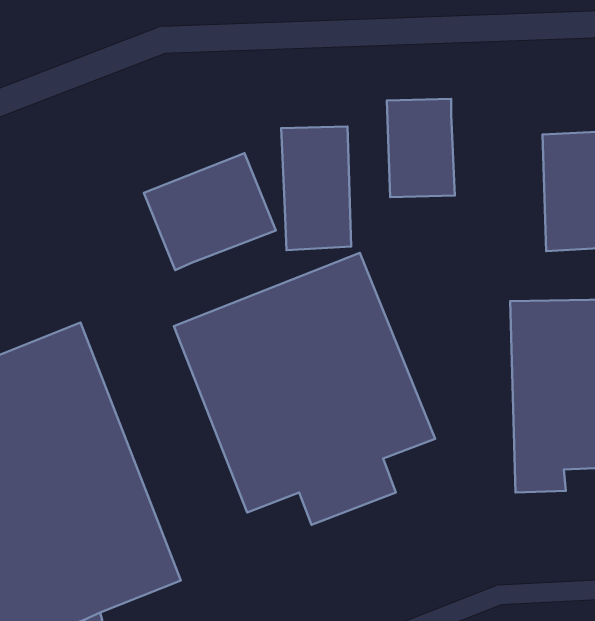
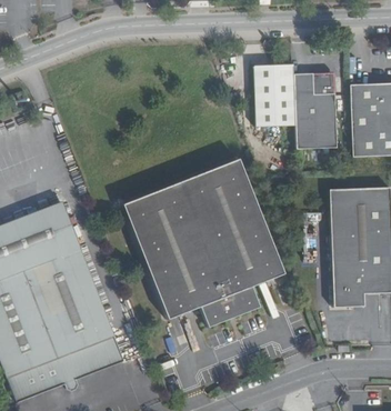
building: [281,127,351,250] -> [293,71,337,148]
building: [144,153,276,270] -> none

